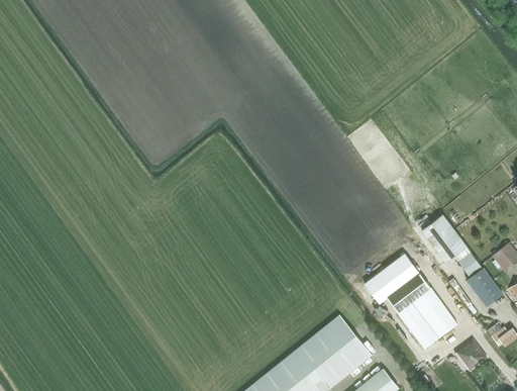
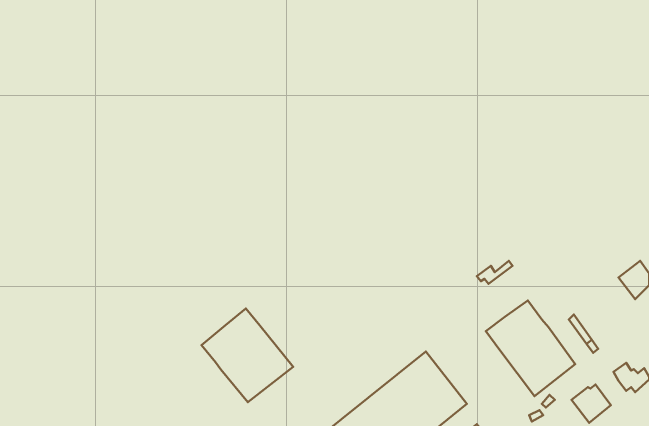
building: [422,215,502,306] -> none
building: [366,254,420,303] -> none
building: none -> [201,309,293,402]

